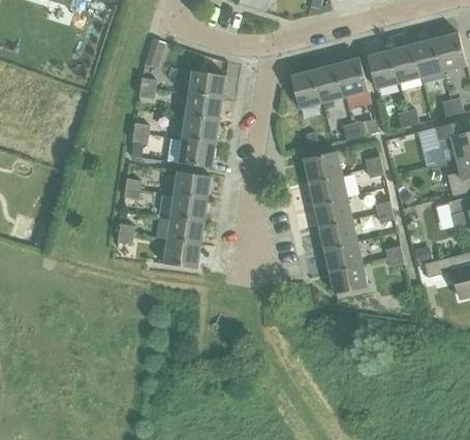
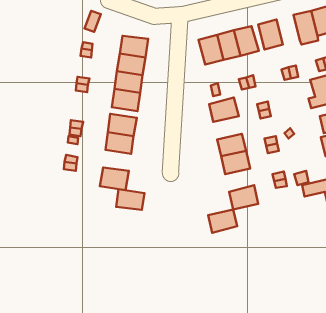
building: [390,43,420,82] -> none
building: [309,174,346,203] -> none
building: [167,217,203,244] -> [116,189,144,210]
building: [324,241,362,271] -> [208,209,237,233]

